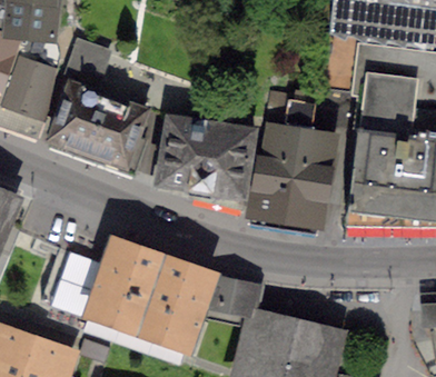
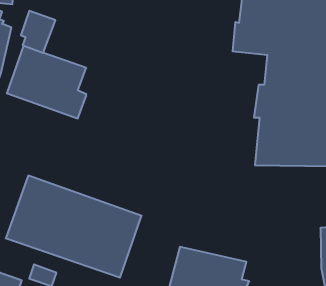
building: [254,90,335,220] -> none
building: [159,111,256,197] -> none
building: [202,279,259,325] -> none

